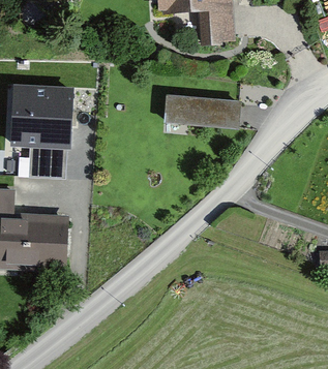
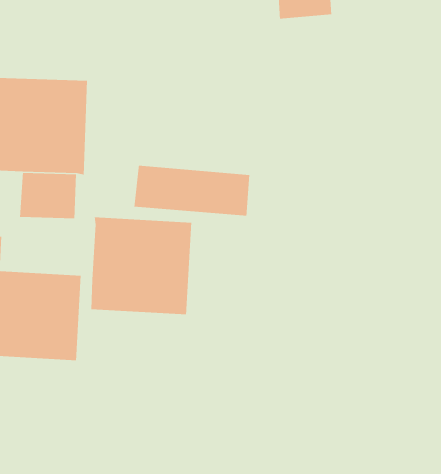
building: [162,94,240,128] -> [134,165,250,216]
building: none -> [90,217,192,315]

